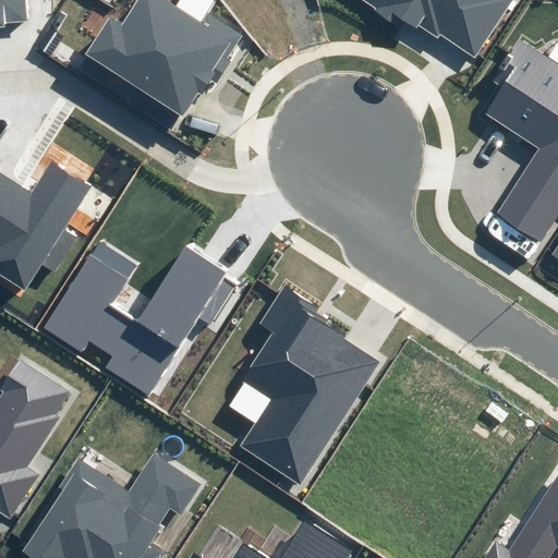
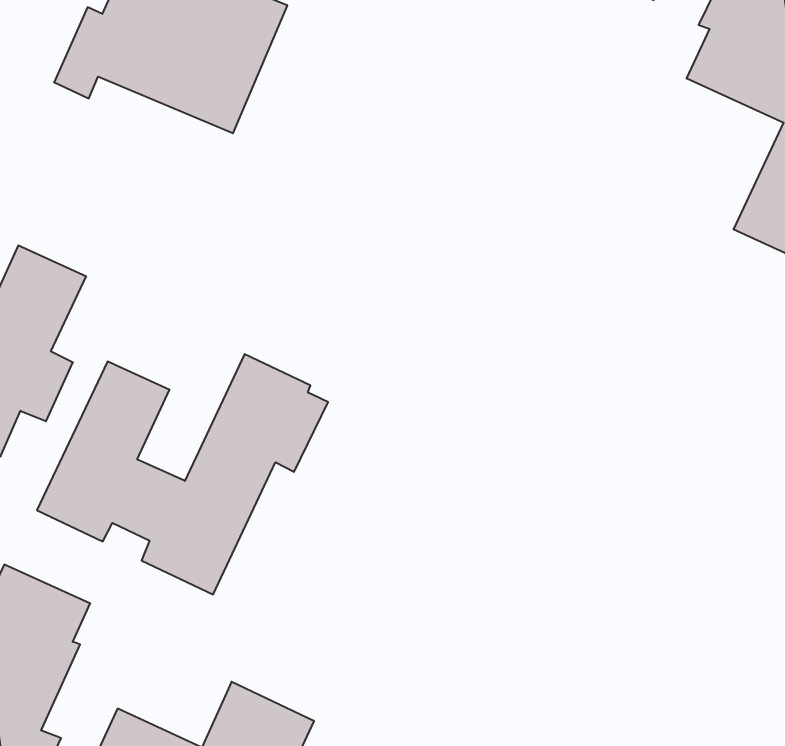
building: [246,296,376,473] -> none

